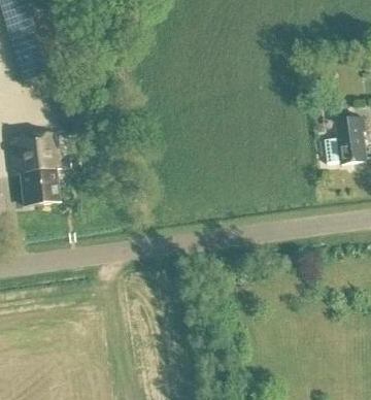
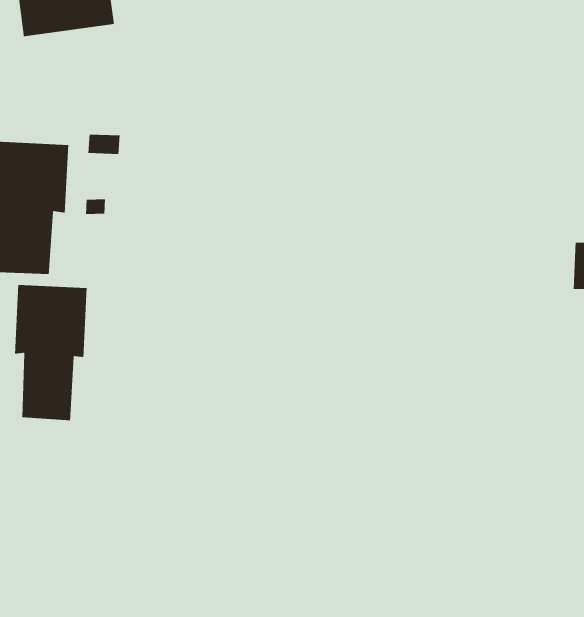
building: none -> [14,284,88,421]

